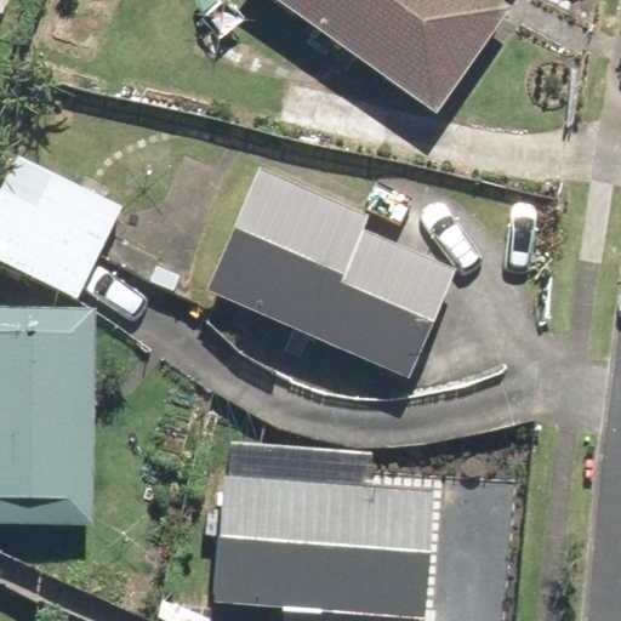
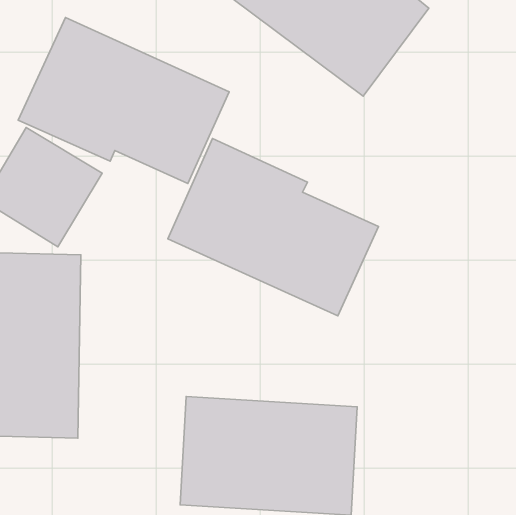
building: none -> [18,18,229,184]

